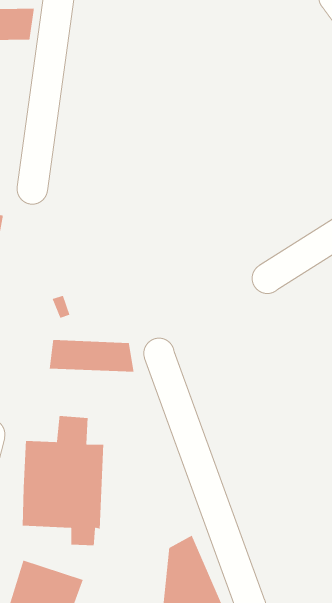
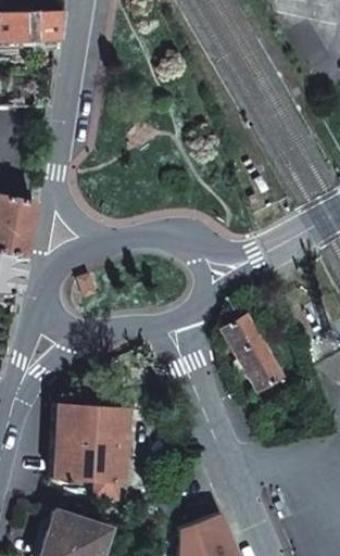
building: [49,339,135,373] -> none
building: none -> [221,315,288,410]

